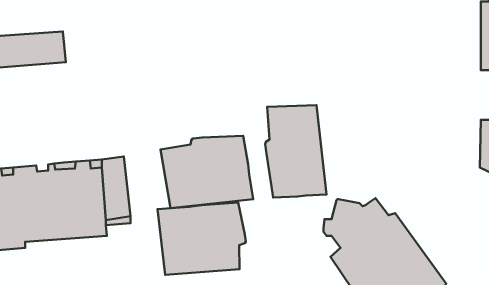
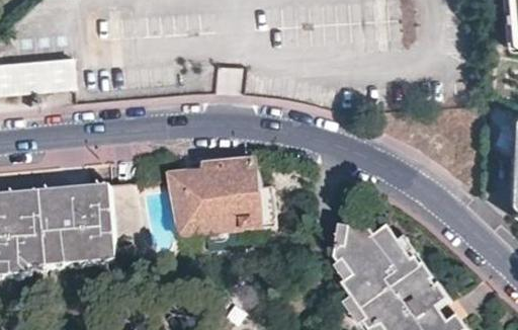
building: [265,105,326,197] -> none
building: [157,203,246,275] -> none

